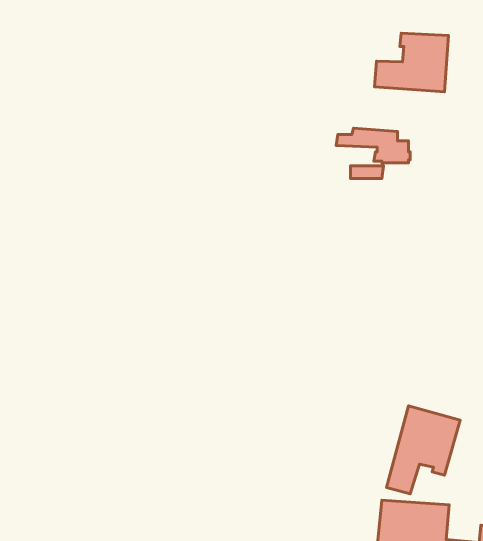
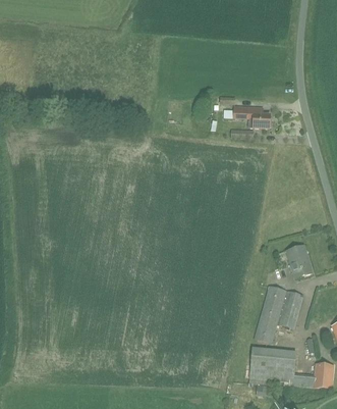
building: [375,33,448,92] -> none
building: none -> [287,246,313,278]

